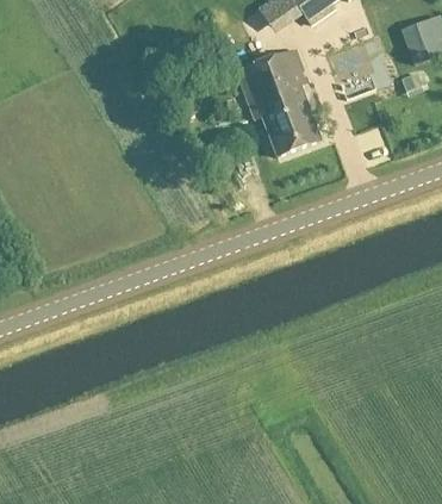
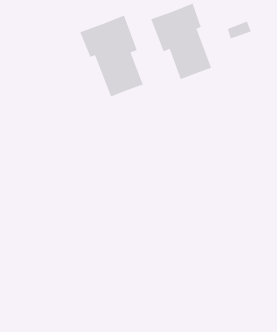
building: none -> [79,15,144,98]

